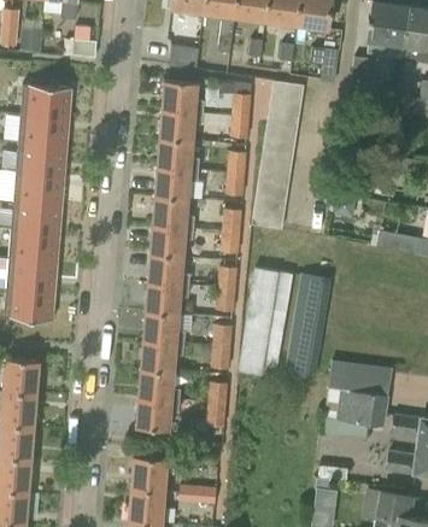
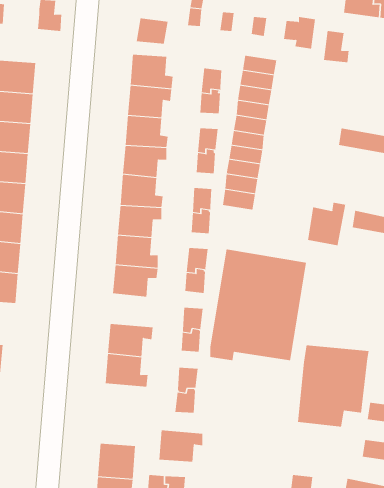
building: none -> [307,202,346,246]
building: [142,311,184,344] -> none
building: [135,398,178,429] -> [158,430,203,462]

